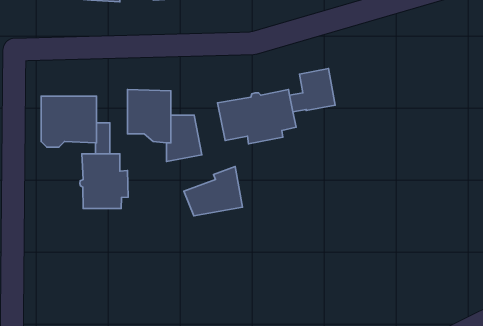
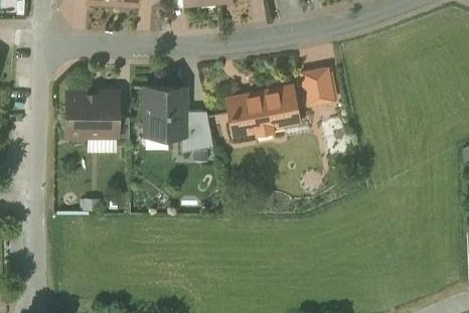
building: [80,154,128,209] -> none
building: [184,167,243,216] -> none

